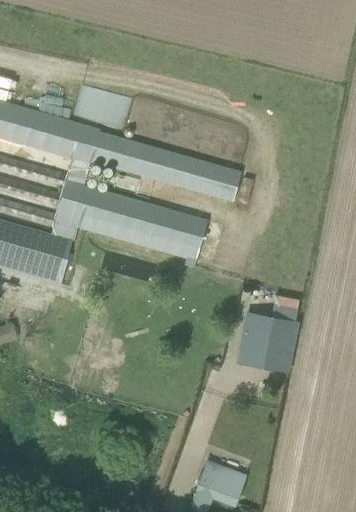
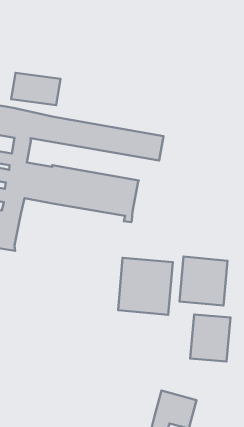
building: none -> [118,258,173,315]
building: none -> [190,314,230,362]

